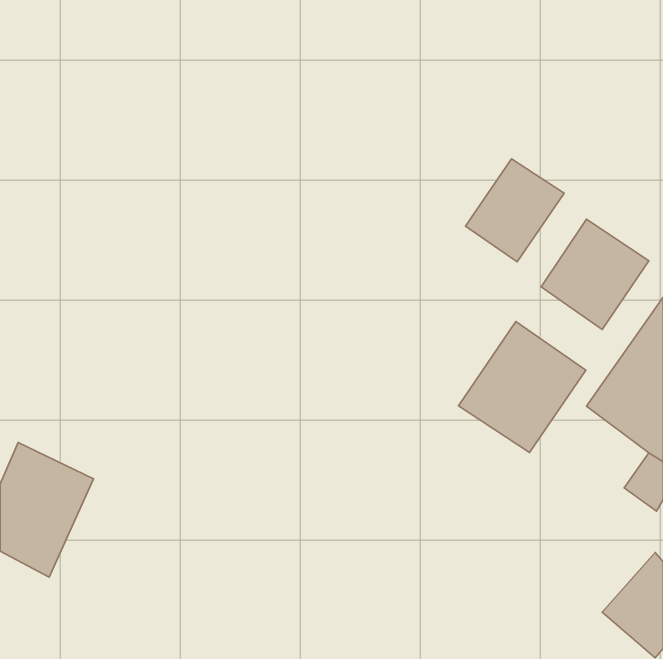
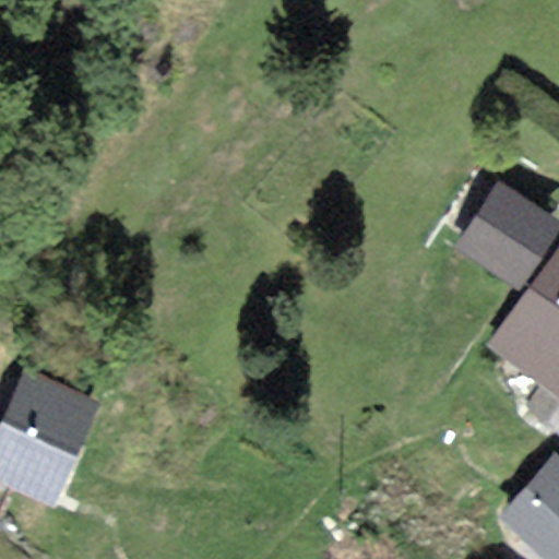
building: [466,159,564,262] -> none
building: [458,321,586,452] -> none

